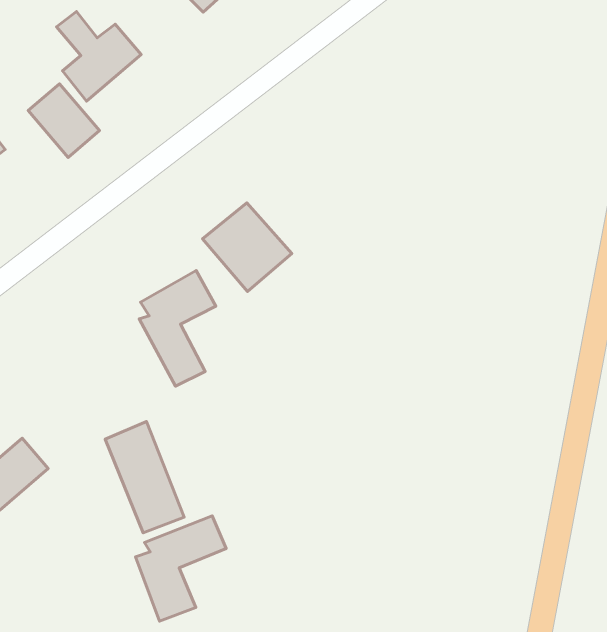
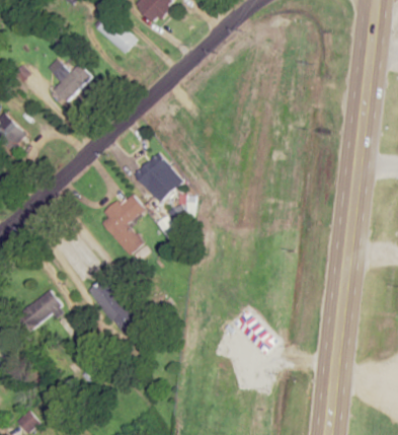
building: [28,84,100,157] -> none
building: [135,516,226,621] -> none

